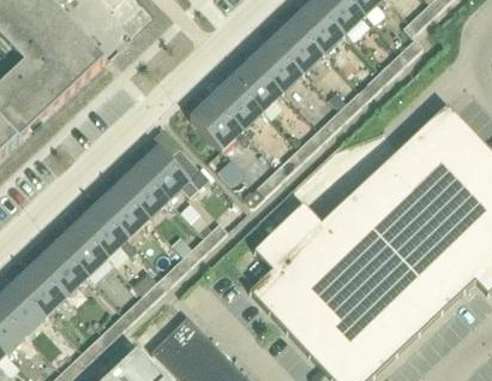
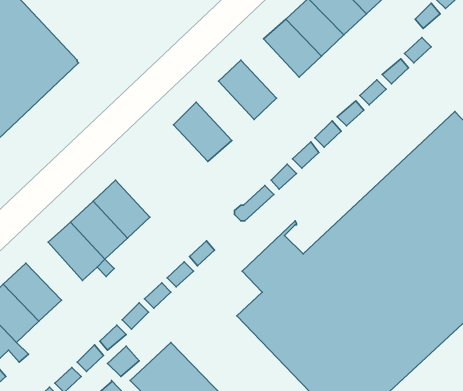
building: [252,37,305,91] -> none
building: [211,76,272,130] -> none
building: [138,145,210,200] -> none
building: [56,222,108,275] -> none

